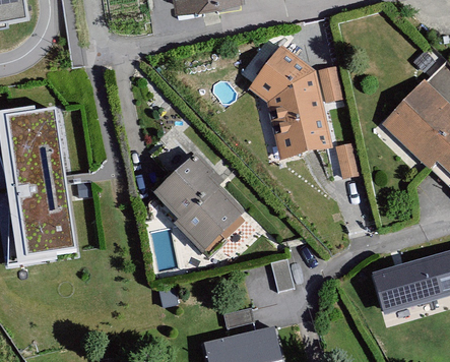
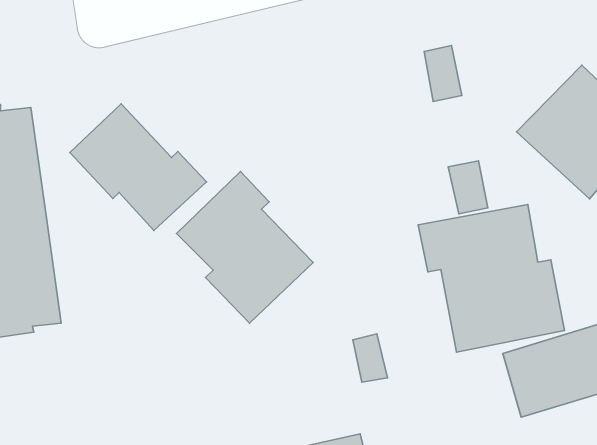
building: [247,44,332,159] -> none
building: none -> [70,104,207,230]
building: none -> [418,204,565,352]

